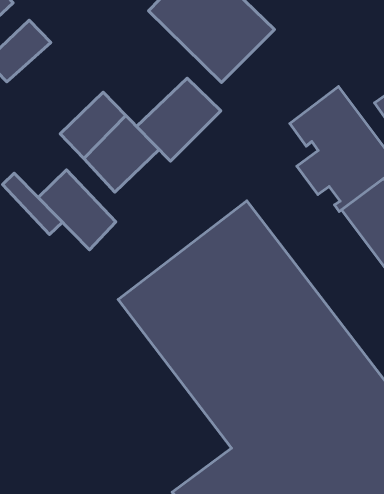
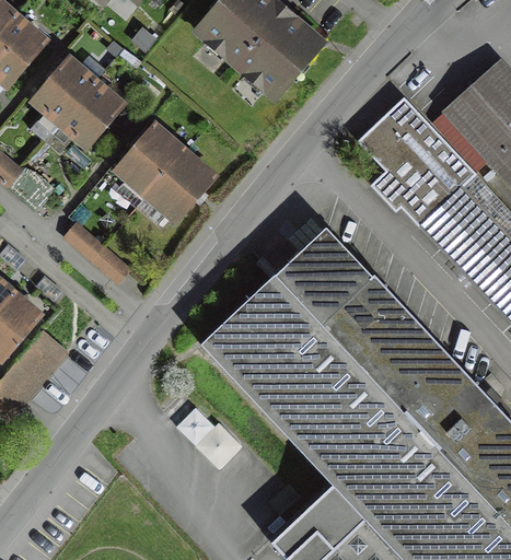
building: none -> [57,81,130,155]
building: [136,78,221,161] -> none
building: [38,170,116,250] -> none

